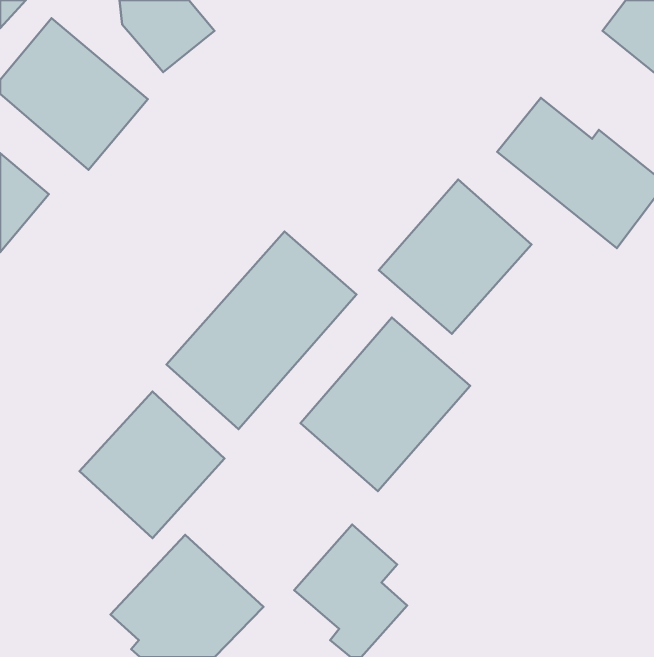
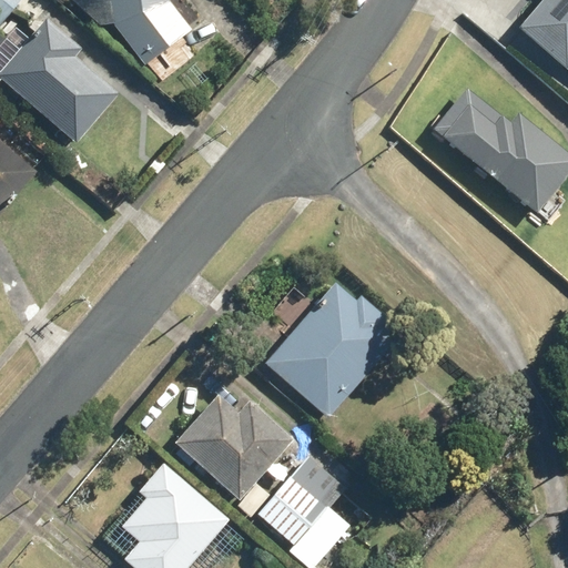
building: [379,180,531,334] -> none
building: [166,232,357,429] -> none
building: [79,392,225,538] -> [171,373,296,499]

